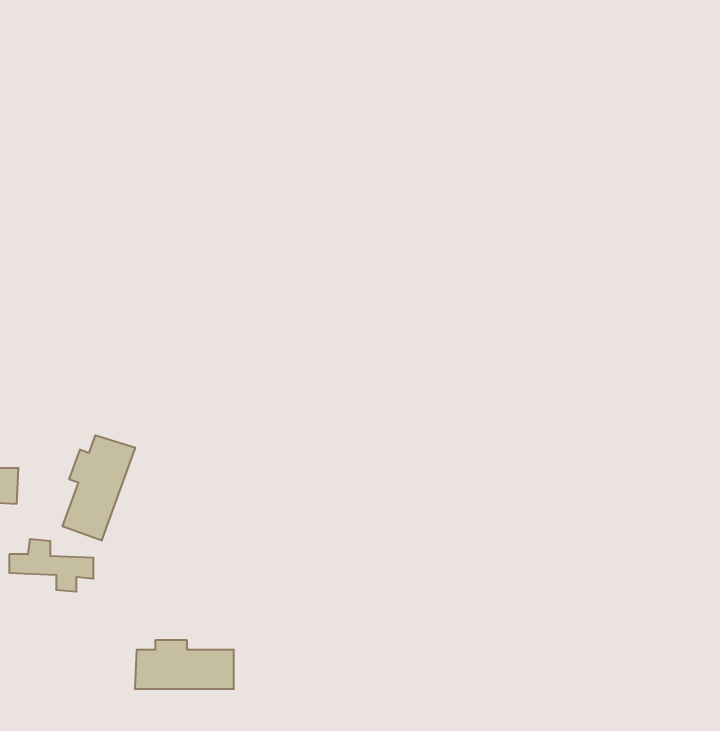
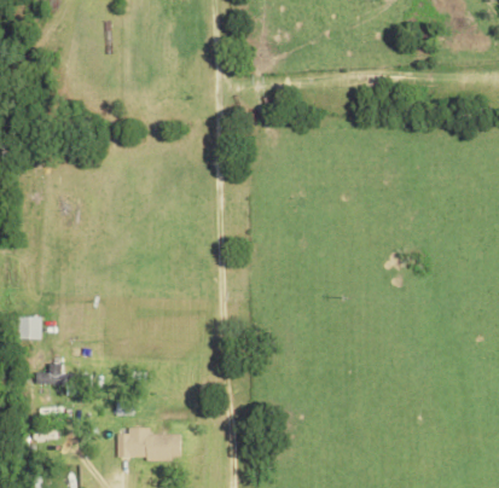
building: [63,435,135,541] -> none

